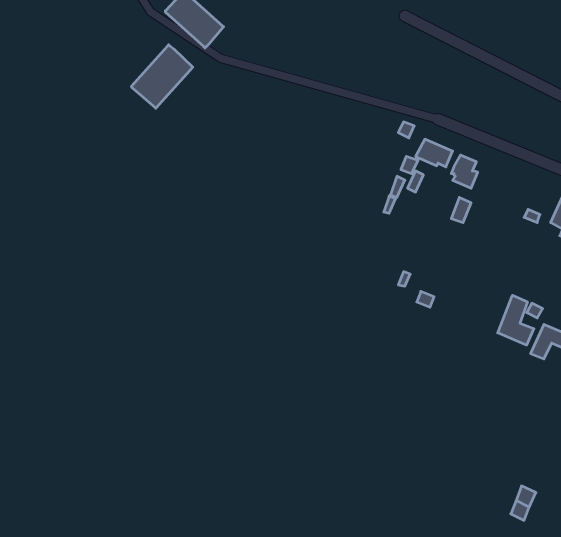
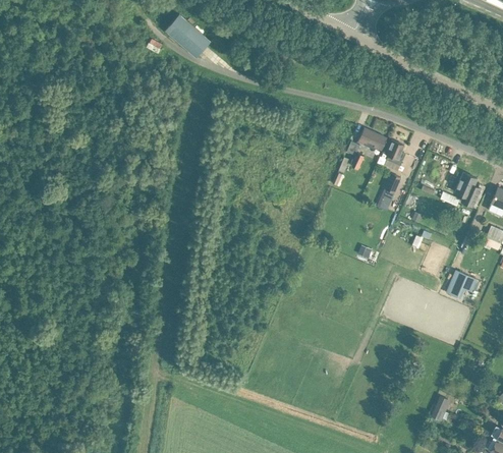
building: [132,45,193,108] -> none
building: [498,295,534,345] -> none

